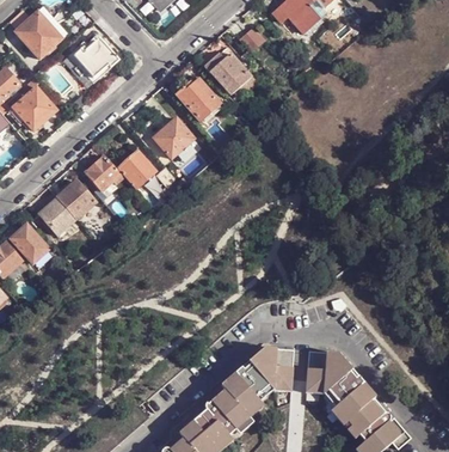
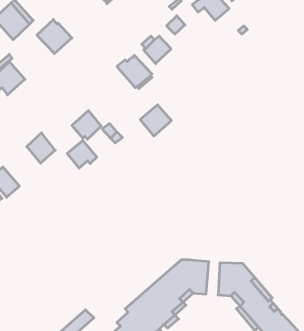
building: [153,117,193,158] -> [140,105,171,136]
building: [85,155,123,191] -> [67,141,97,168]
building: [39,197,76,236] -> none

